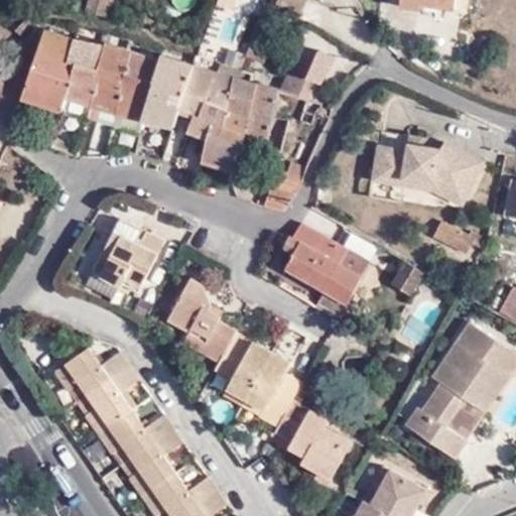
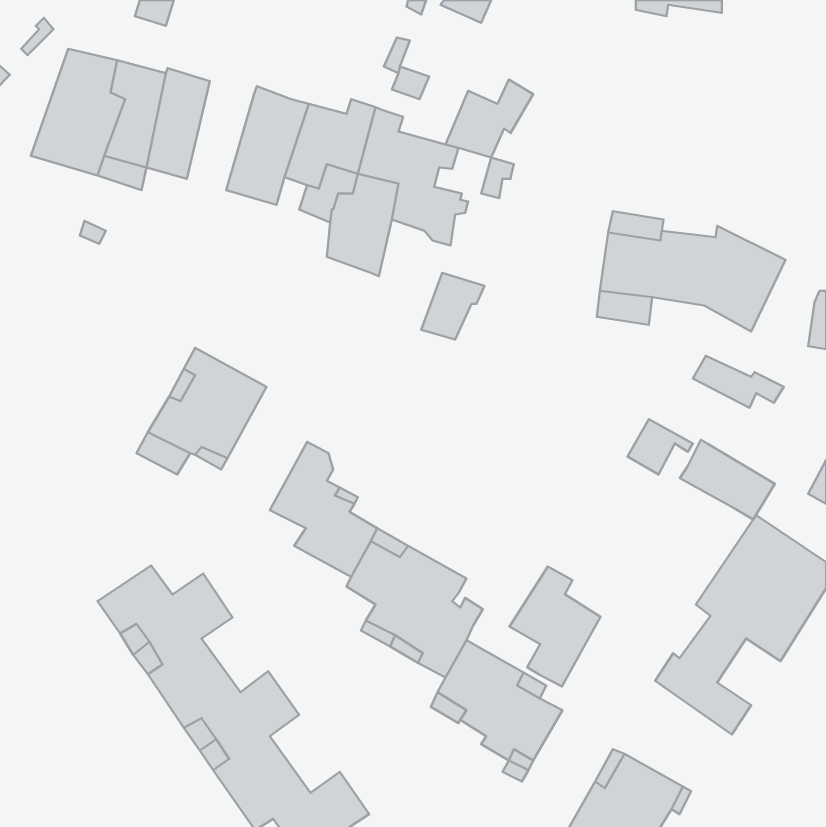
building: [116,52,157,120] -> none
building: [280,225,366,303] -> none
building: none -> [680,440,775,520]
building: none -> [509,566,601,686]

